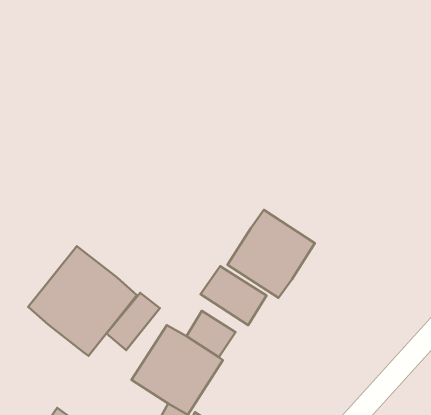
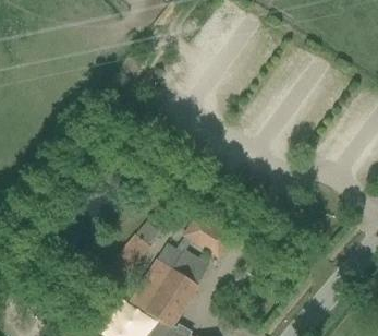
building: [227,210,315,298] -> none
building: [28,246,137,356] -> none

